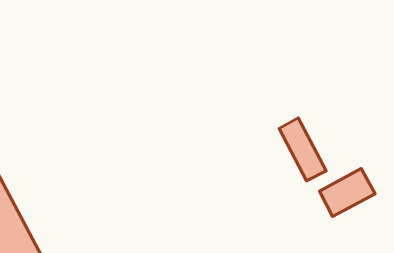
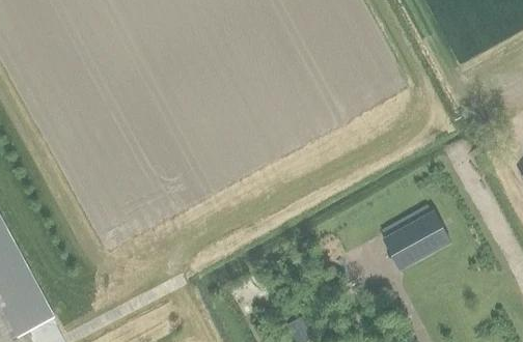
building: [279,118,326,181] -> none

